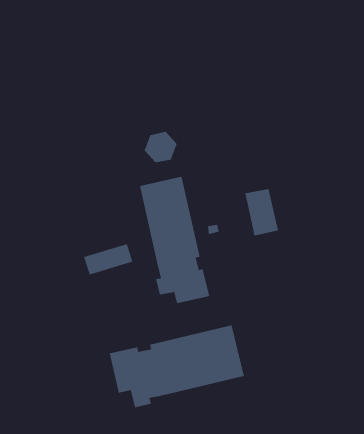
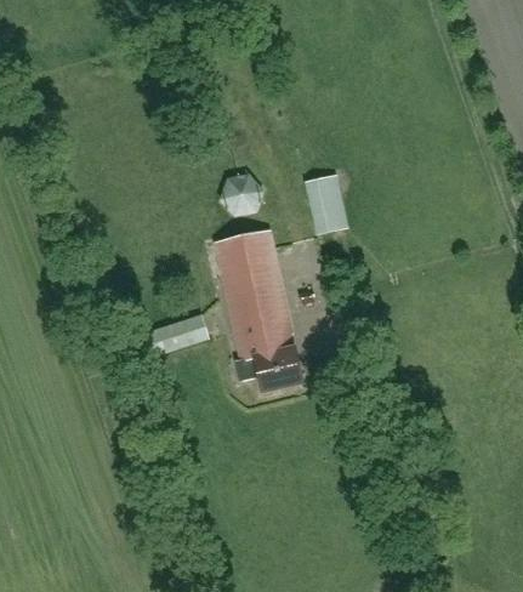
building: [244,188,279,236] -> [305,173,348,234]
building: [109,324,244,408] -> none

